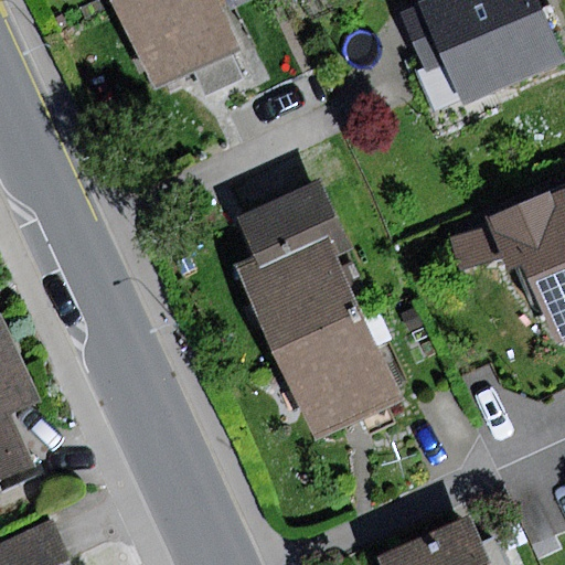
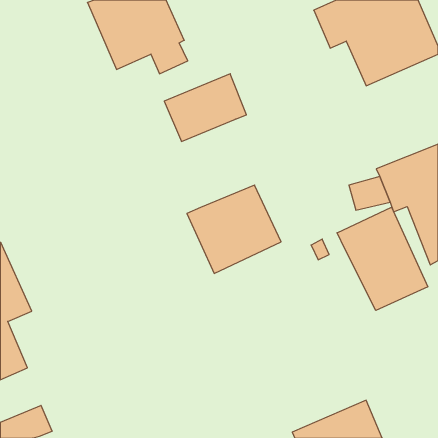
building: [236,180,342,267] -> [164,74,246,141]
building: none -> [337,207,428,310]
building: [276,311,404,437] -> none

